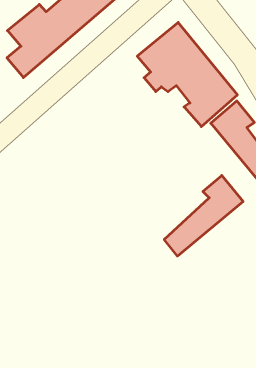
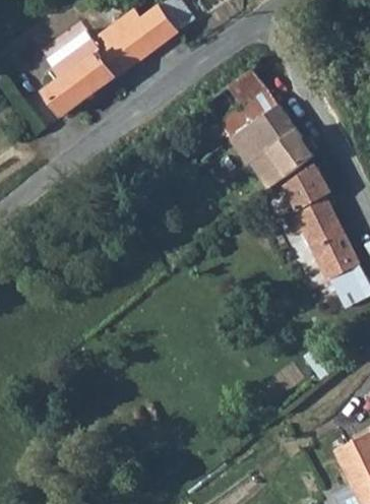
building: [164,175,243,256] -> none

